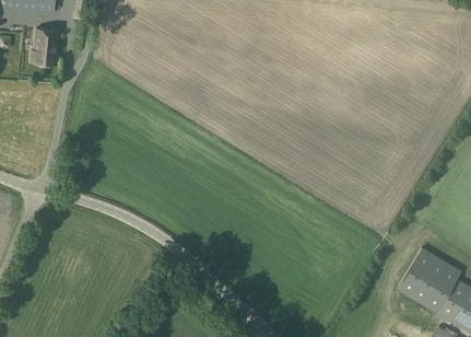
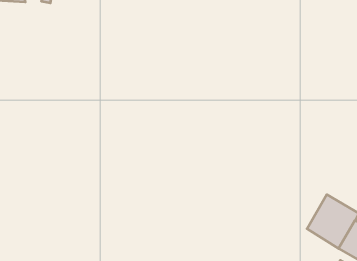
building: [30,28,61,65] -> none

